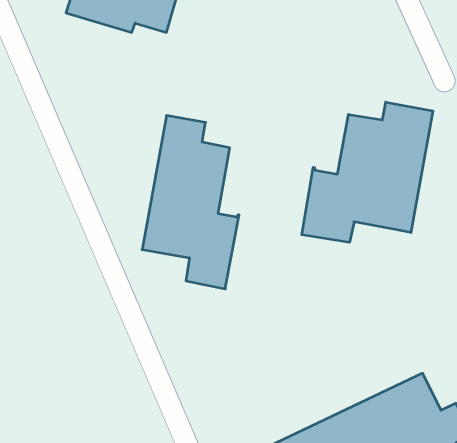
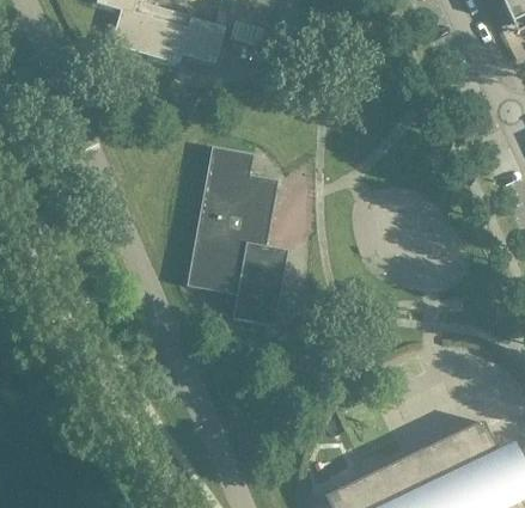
building: [302,102,433,242] -> none

